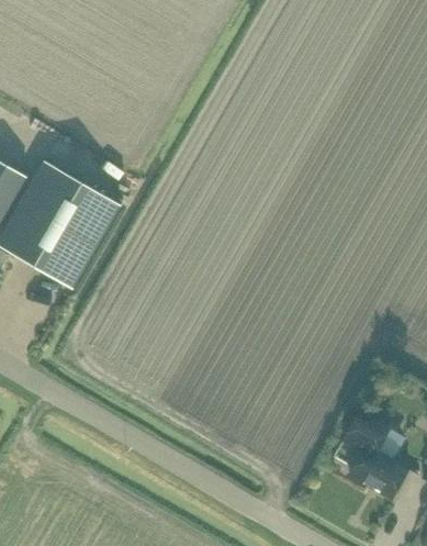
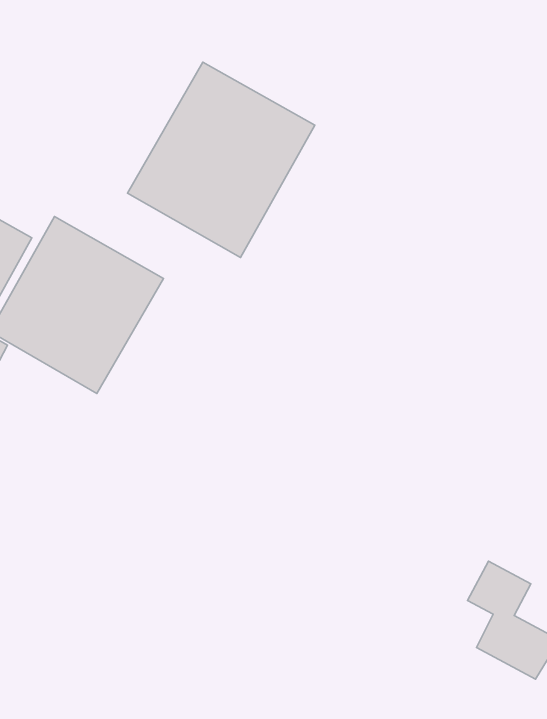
building: none -> [128,62,315,258]

